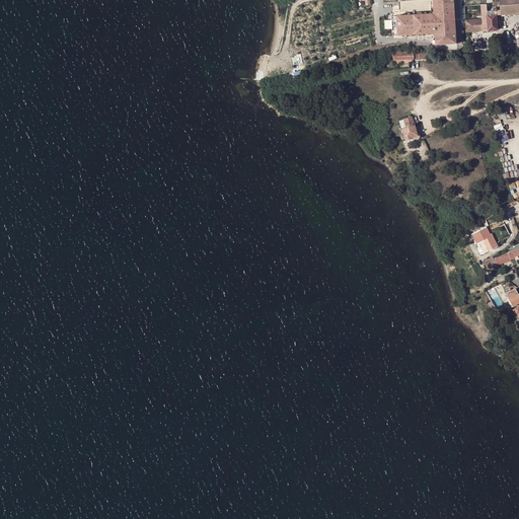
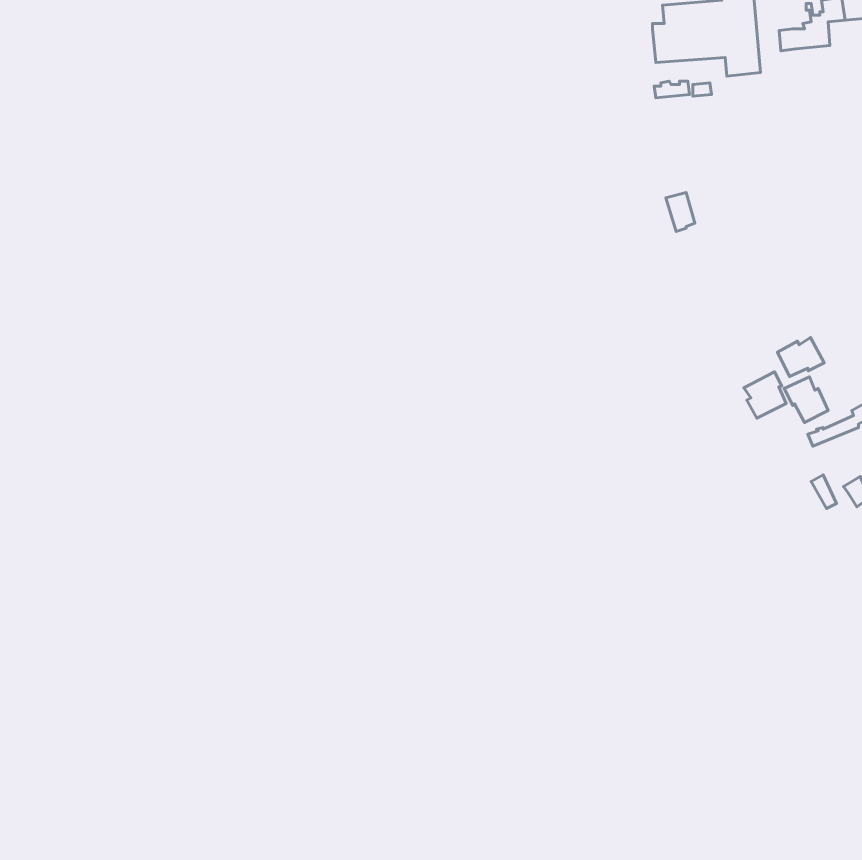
building: none -> [777,337,824,377]
building: none -> [744,372,786,418]

